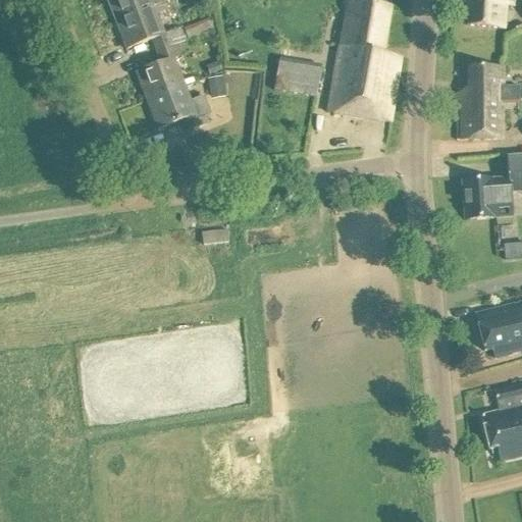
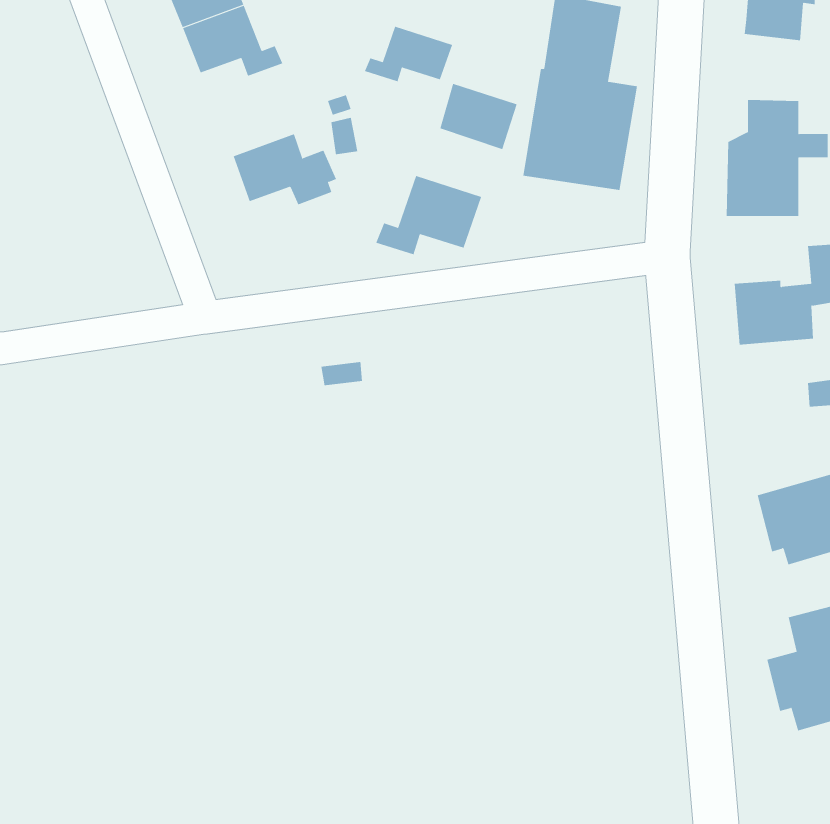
building: none -> [364,26,453,82]
building: [136,40,186,98] -> none
building: none -> [376,175,482,255]

